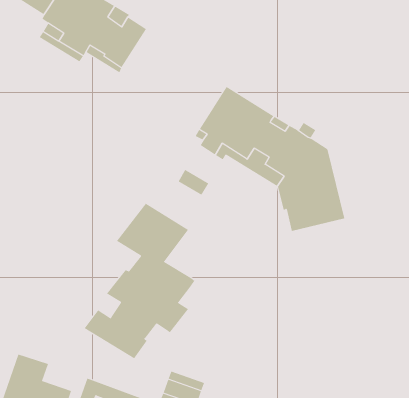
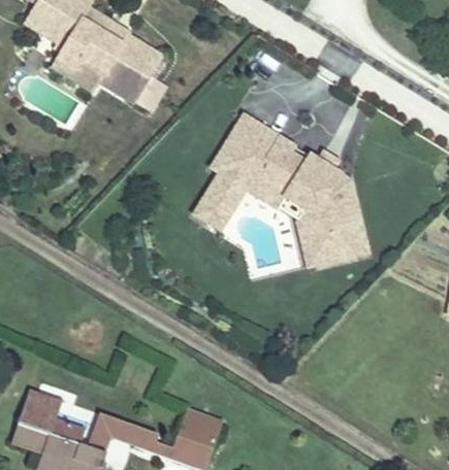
building: none -> [201,175,240,214]
building: [84,203,195,359] -> none

